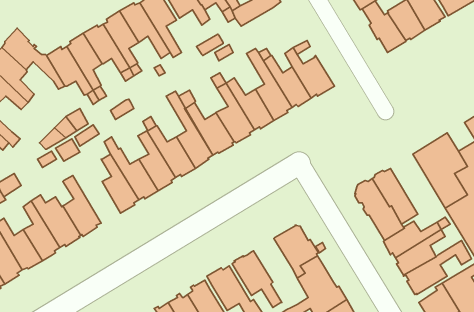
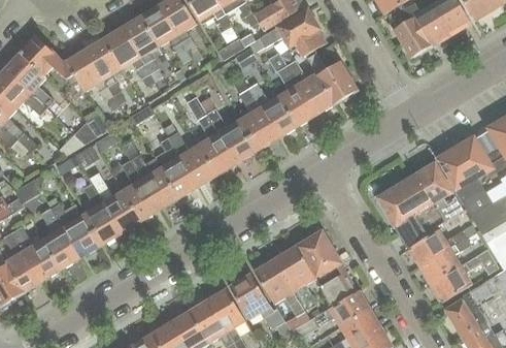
building: none -> [250,9,327,57]
building: none -> [414,161,463,221]
building: none -> [89,171,140,230]
building: none -> [275,246,315,309]

